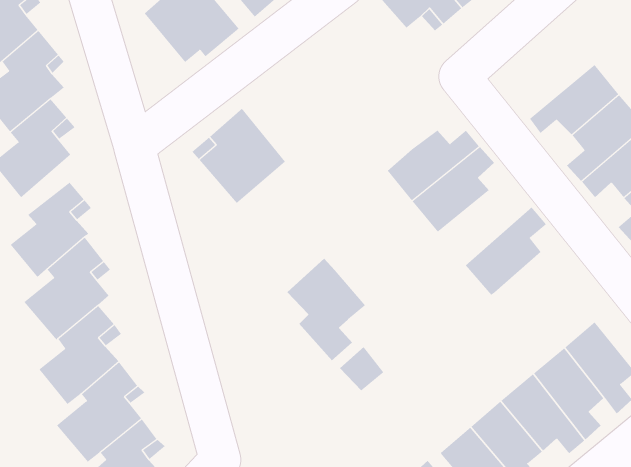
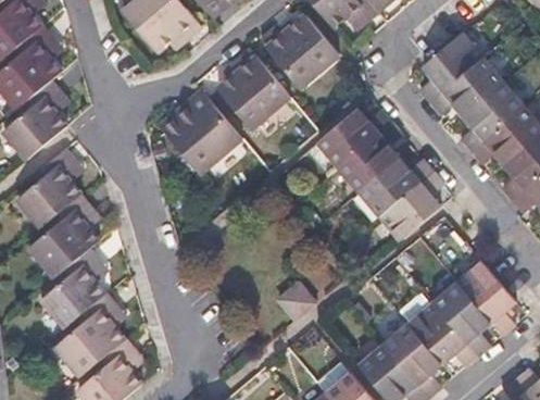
building: none -> [262,16,336,84]
building: none -> [418,32,482,100]
building: none -> [222,51,285,123]
building: none -> [357,157,432,216]
building: [287,258,366,361] -> none

